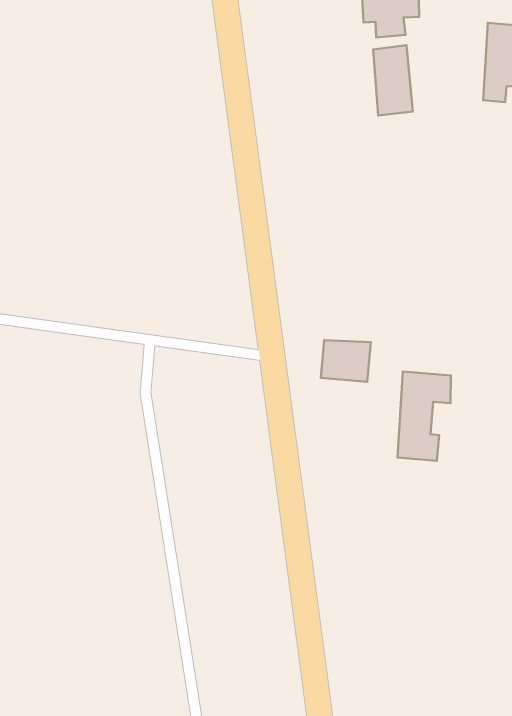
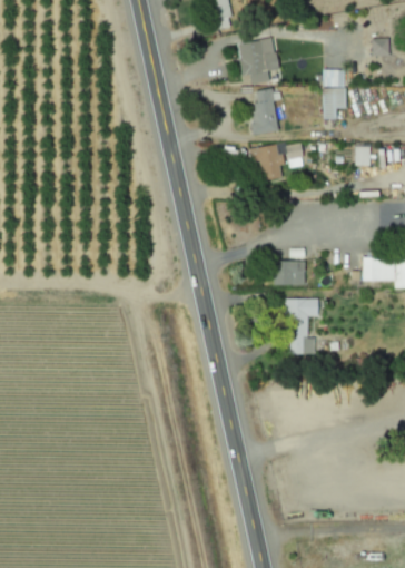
building: none -> [249,143,305,180]
building: [321,340,371,382] -> [274,259,304,285]

